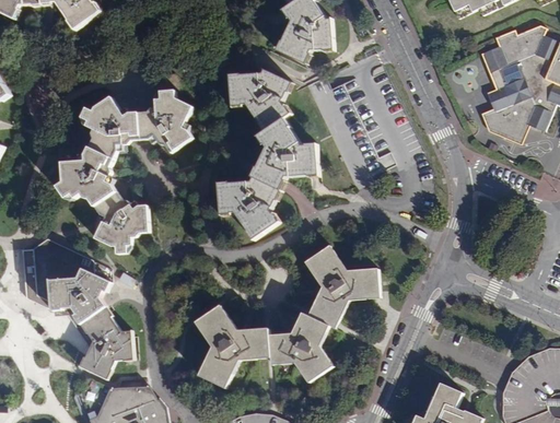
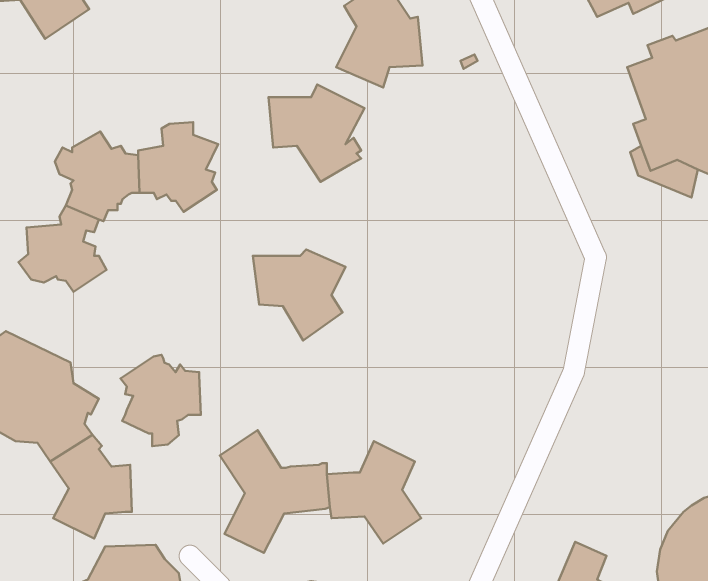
building: [250,119,317,190] -> none
building: [92,191,148,255] -> [121,355,201,446]
building: [303,243,380,328] -> none

